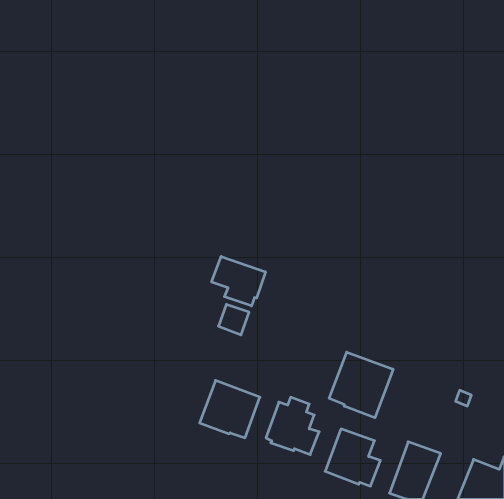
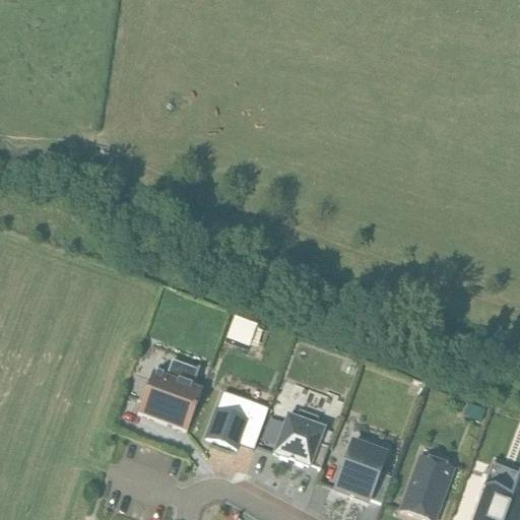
building: [212,256,265,306] -> none
building: none -> [138,358,202,428]
building: [329,352,393,418] -> none

